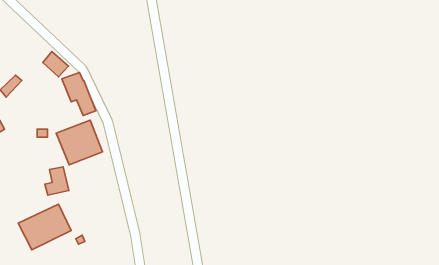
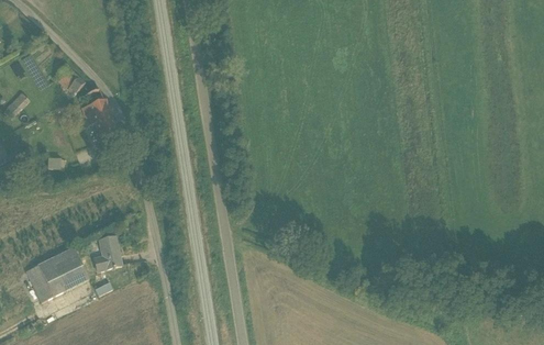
building: [56,120,102,165] -> none
building: [45,167,69,195] -> [93,235,122,269]

